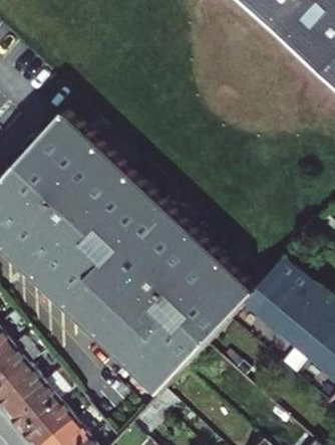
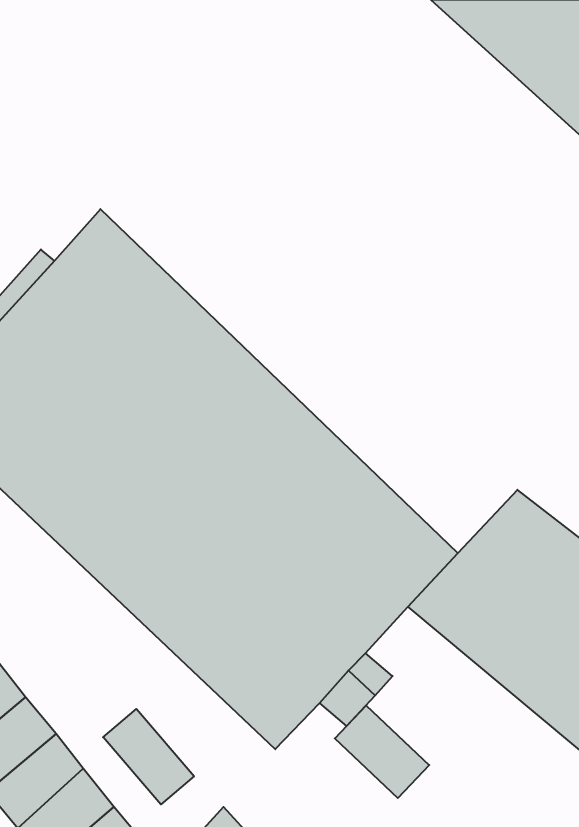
building: none -> [335,705,429,798]
building: none -> [103,709,194,804]

